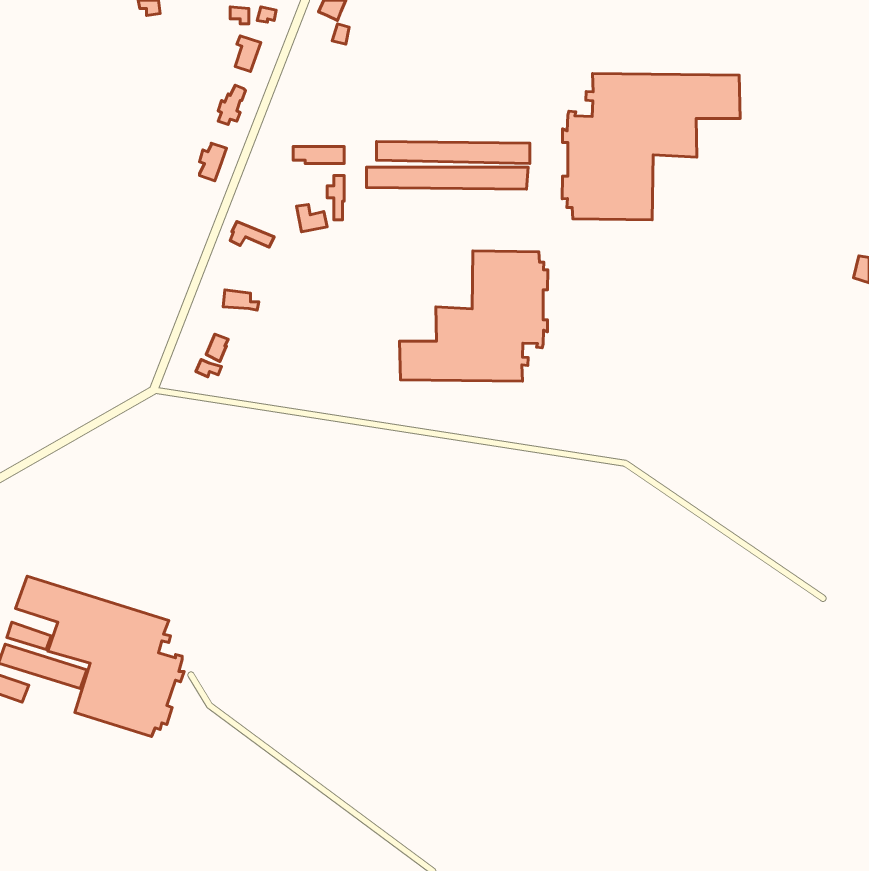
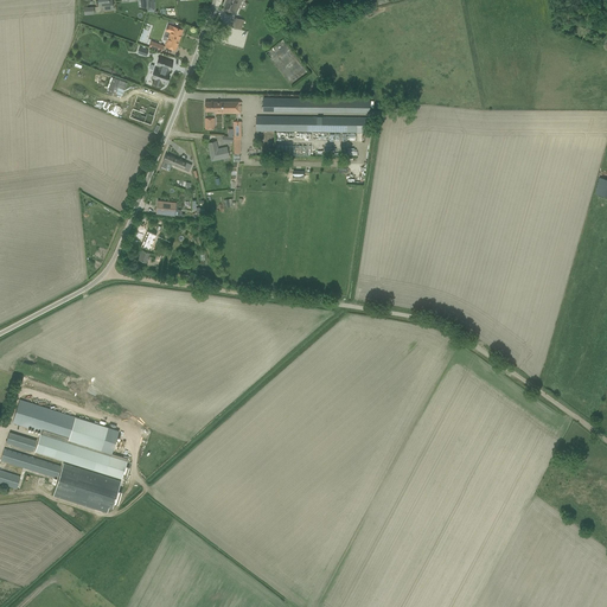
building: [562,74,740,220] -> none
building: [400,251,548,381] -> none

